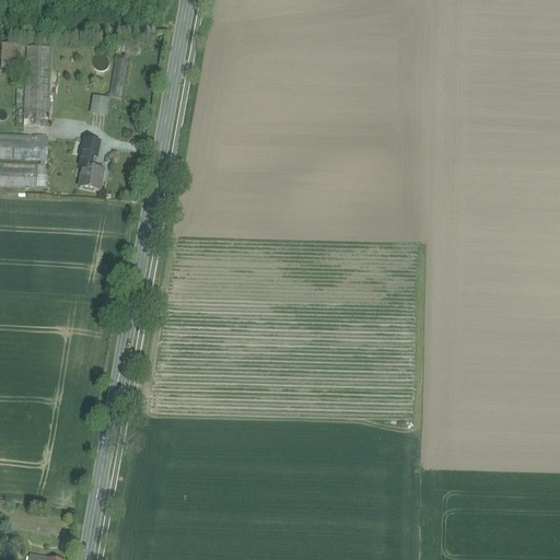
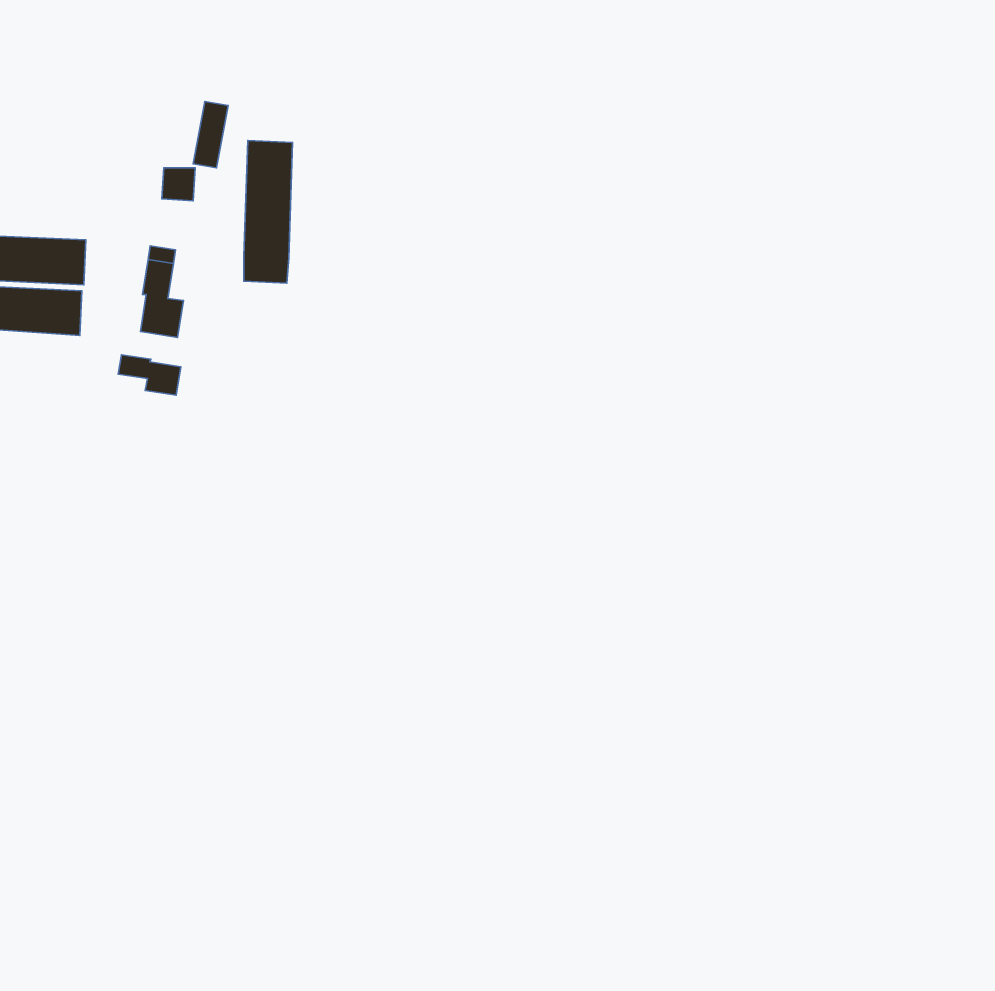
building: [23,45,50,125] -> [244,141,293,283]
building: none -> [118,355,181,395]

